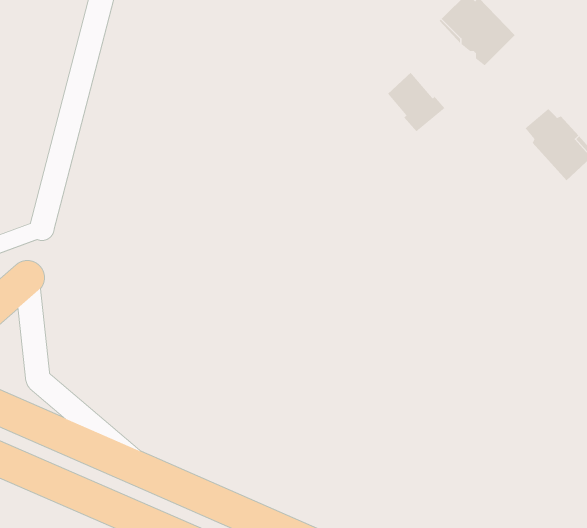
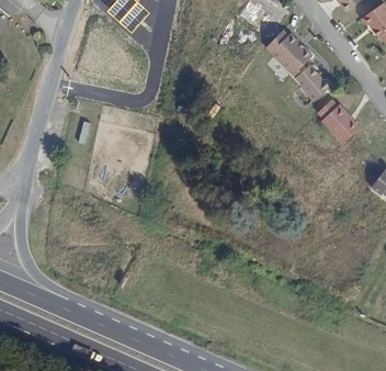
building: [387,72,446,132] -> [295,65,330,101]

